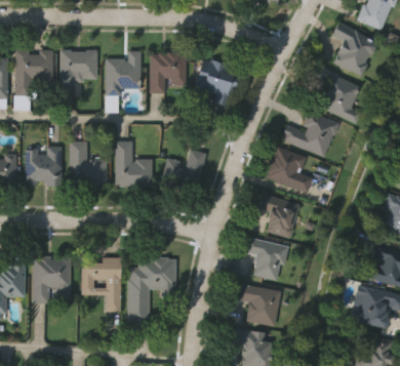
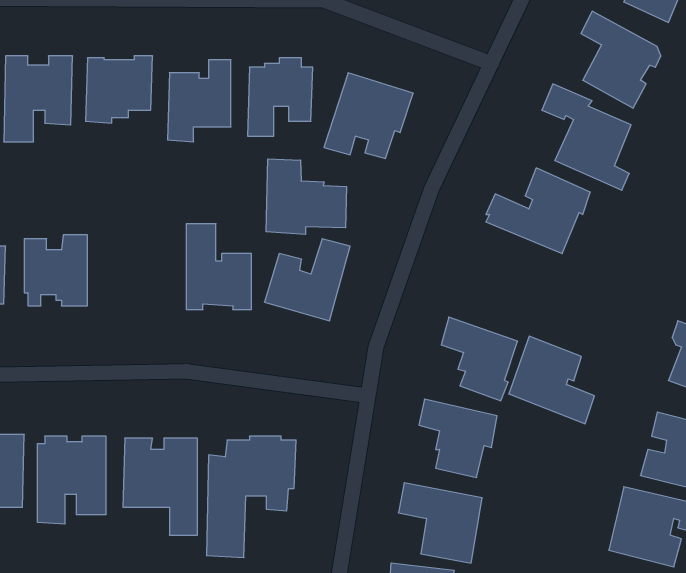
building: none -> [266,159,346,234]
building: [70,139,106,188] -> none
building: [266,145,313,193] -> [509,336,594,424]

